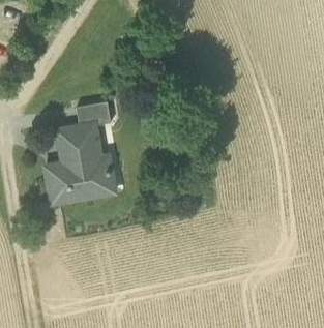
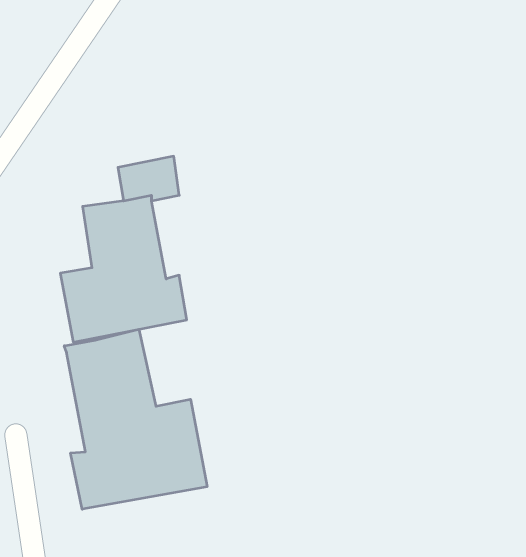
building: none -> [64,329,207,509]

